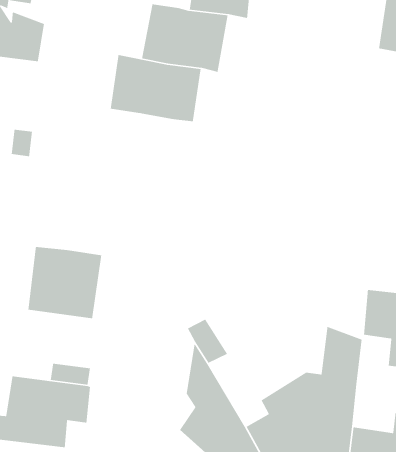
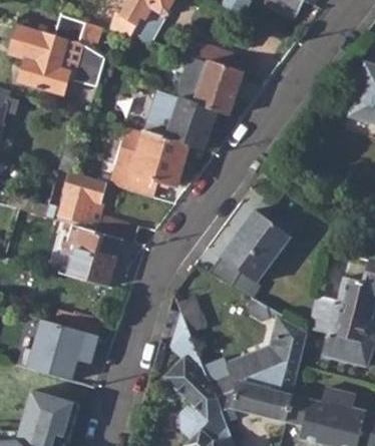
building: none -> [111,126,190,197]
building: none -> [58,172,140,243]
building: none -> [221,212,291,285]

